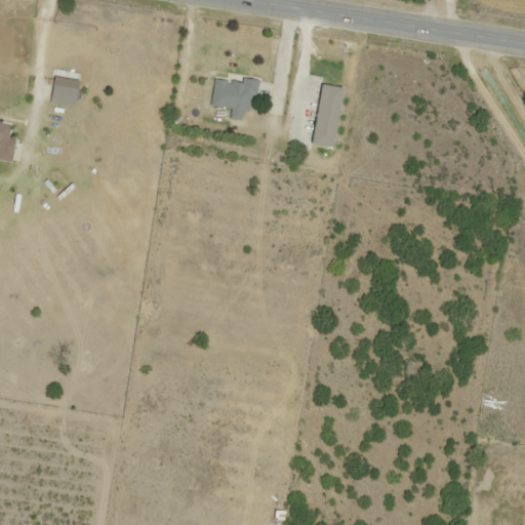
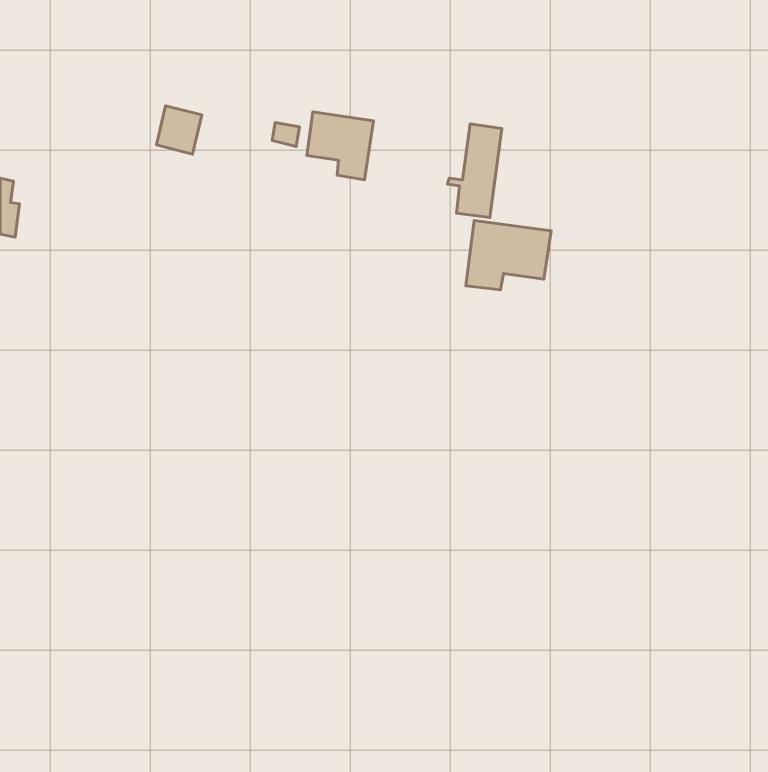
building: [50,75,81,108] -> [156,106,202,154]
building: none -> [466,221,551,290]

